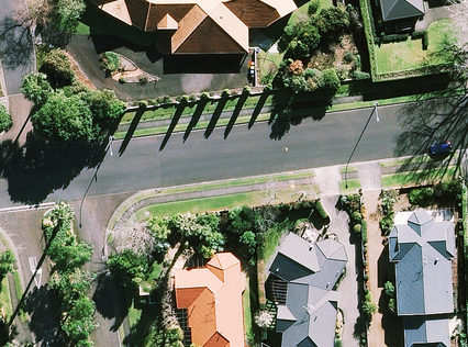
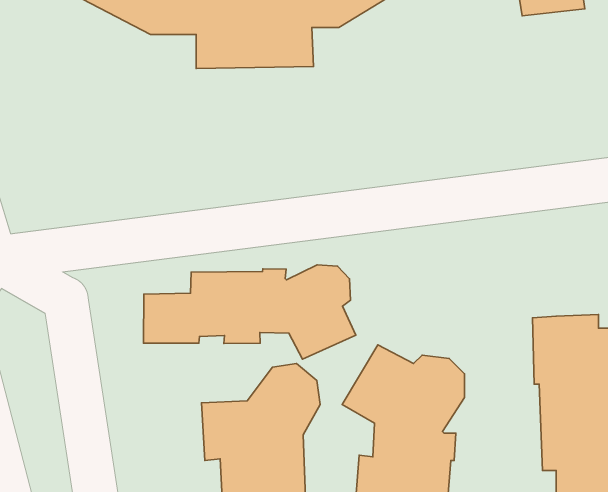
building: none -> [143,265,356,359]

